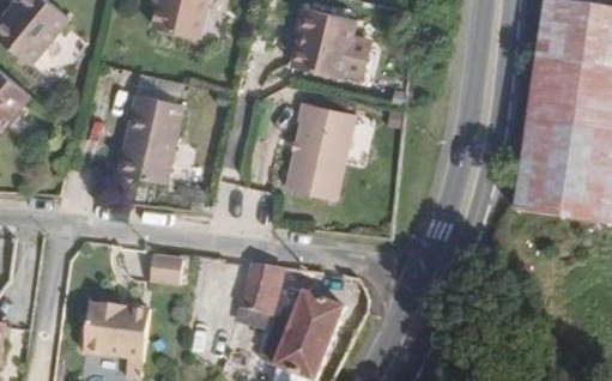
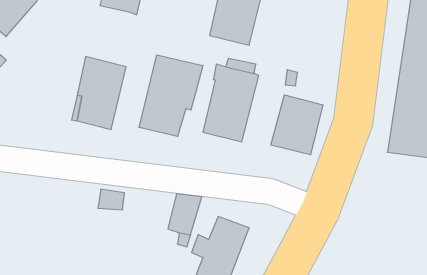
building: none -> [139,55,203,137]
building: none -> [271,95,323,155]
building: [84,304,152,362] -> none

